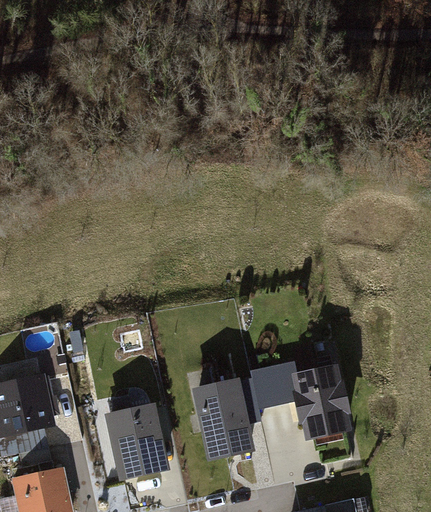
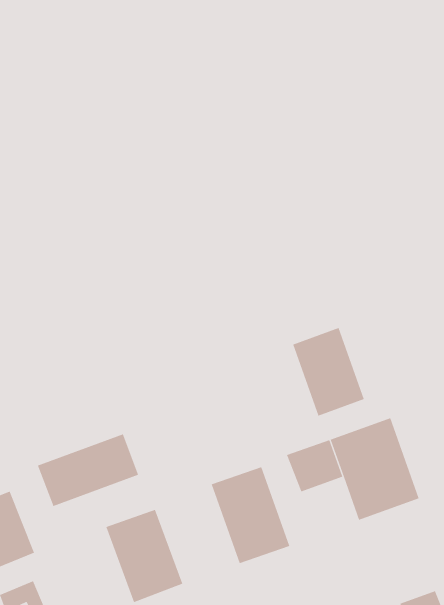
building: none -> [292,327,364,416]
building: none -> [37,433,139,507]

